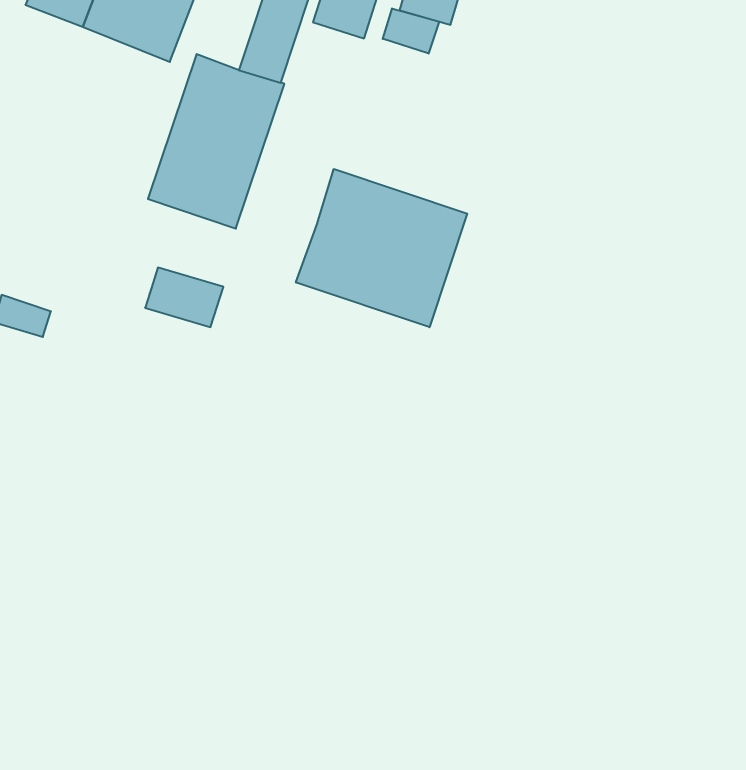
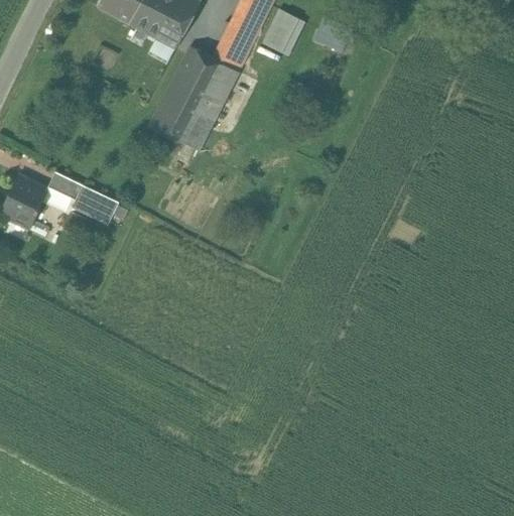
building: [383,8,439,54] -> none
building: [296,169,467,327] -> none
building: [145,268,223,327] -> [70,185,117,225]

